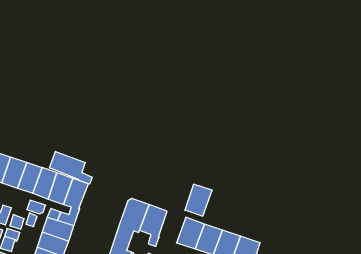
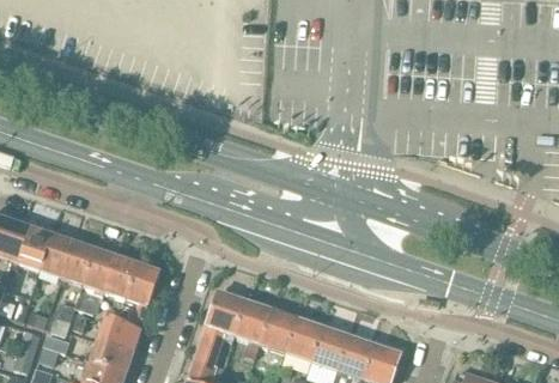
building: [50,151,92,184] -> none
building: [185,184,212,216] -> [259,309,297,353]

